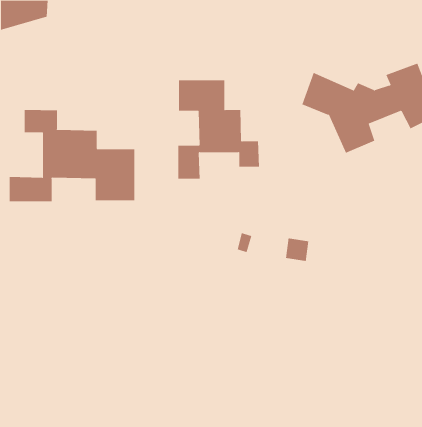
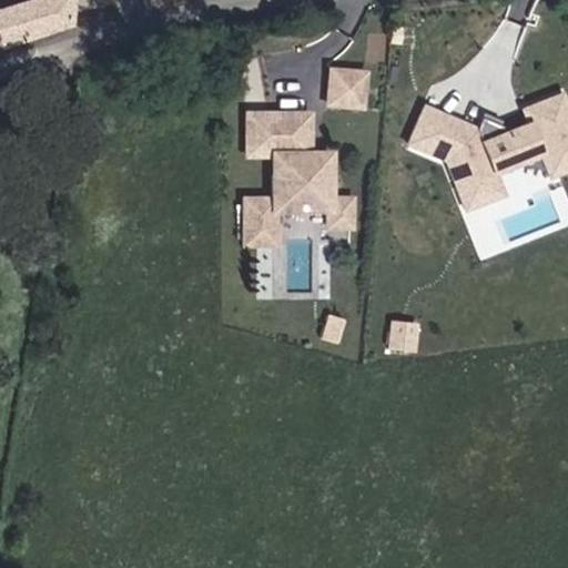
building: none -> [327,67,364,103]
building: [9,109,135,202] -> none

